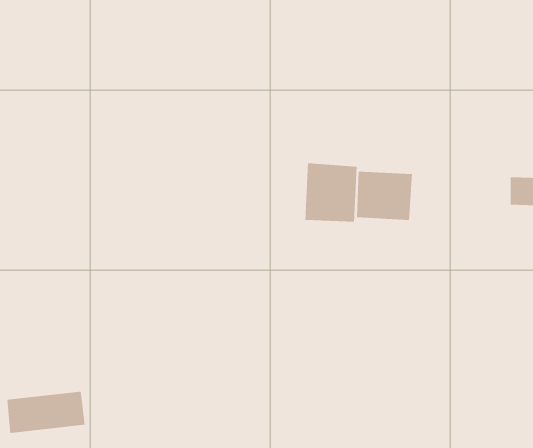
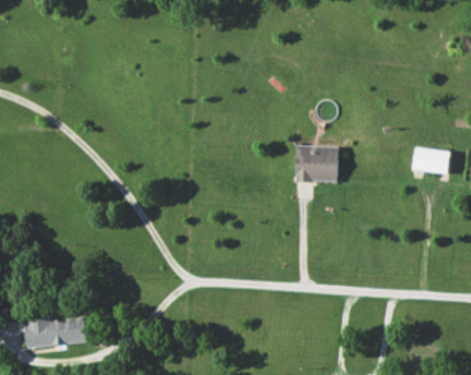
building: [305,162,357,222] -> none

